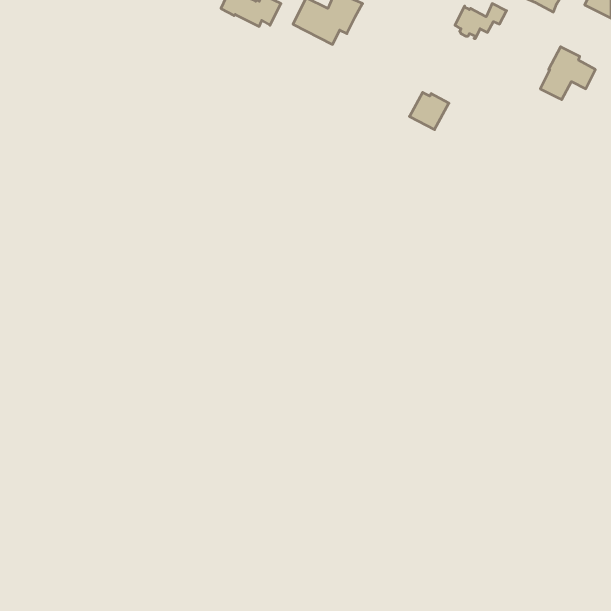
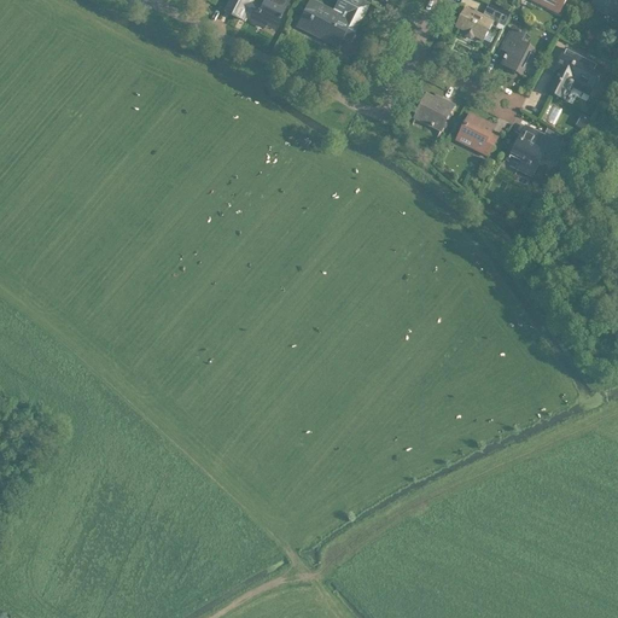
building: none -> [500,25,531,74]
building: none -> [454,112,496,156]
building: none -> [508,133,560,176]

